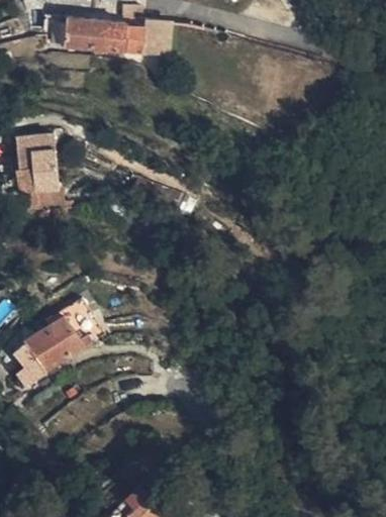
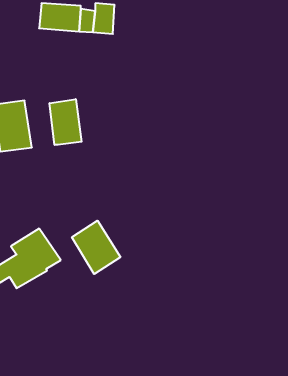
building: none -> [50,99,82,145]
building: none -> [72,221,120,274]

